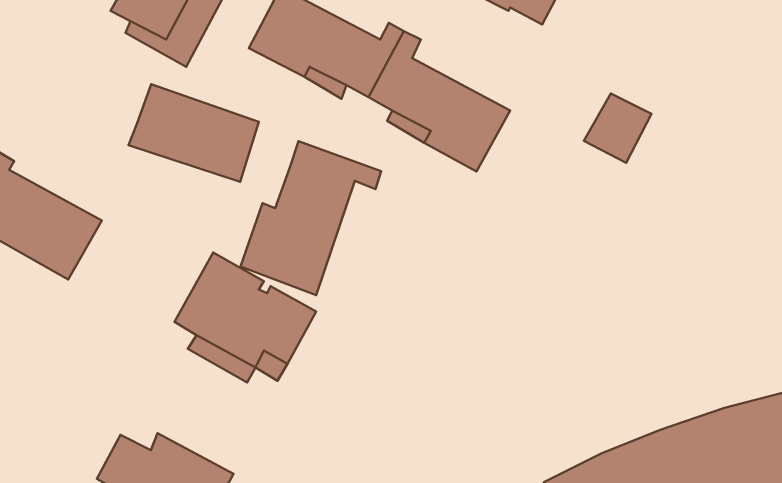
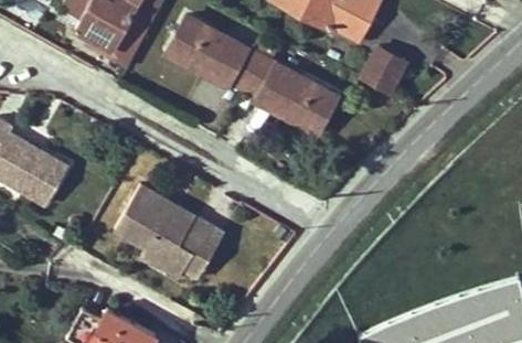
building: [129,84,259,182] -> none
building: [584,94,651,163] -> [361,47,405,93]
building: [241,141,381,295] -> none

